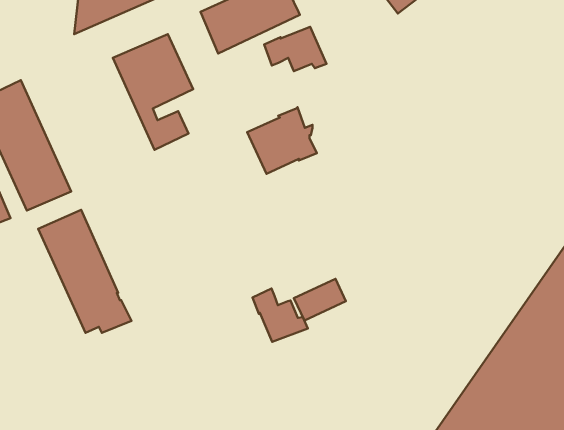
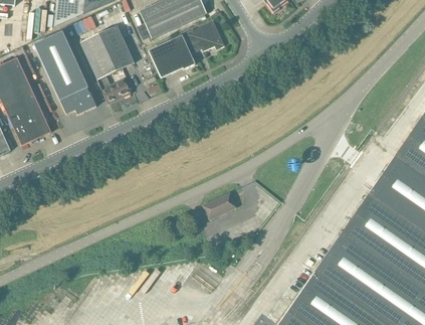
building: [247,107,317,174] -> [148,33,195,78]
building: [38,210,132,333] -> [33,31,96,115]
building: [253,289,308,342] -> none

